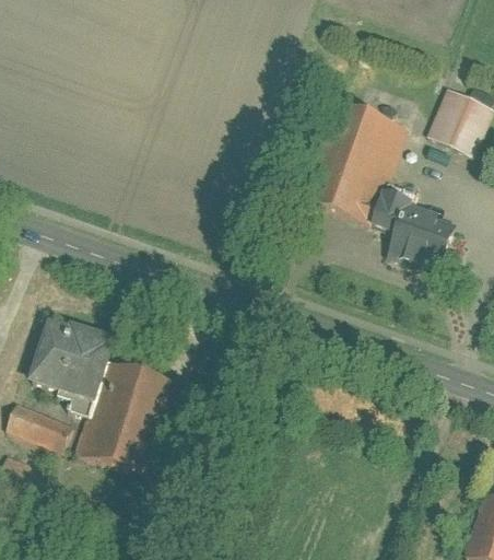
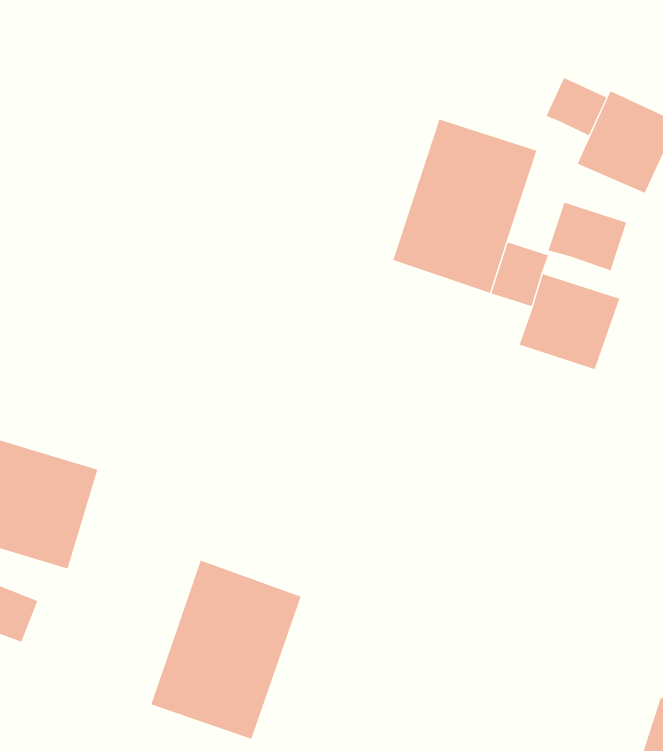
building: none -> [546,77,607,136]
building: none -> [548,202,627,271]
building: [78,359,177,477] -> [150,560,302,739]

